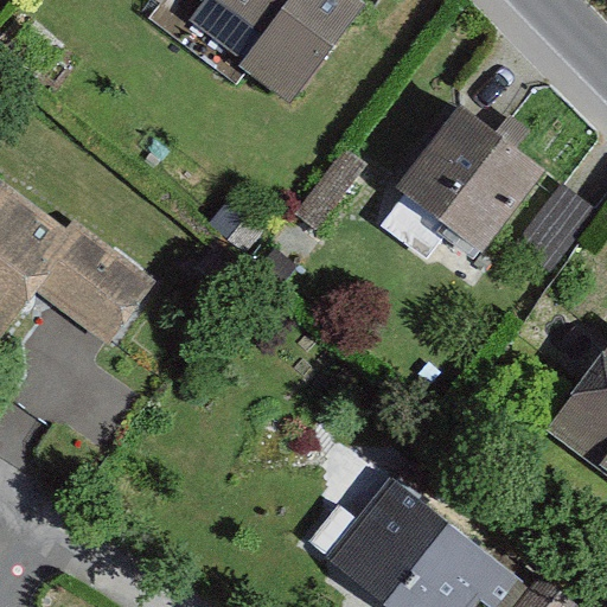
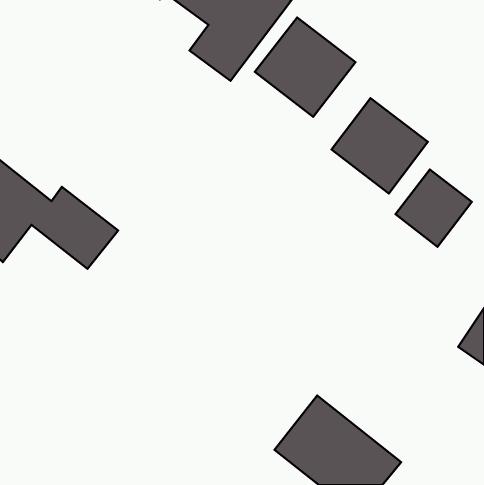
building: none -> [255,17,356,117]
building: none -> [395,169,472,247]

